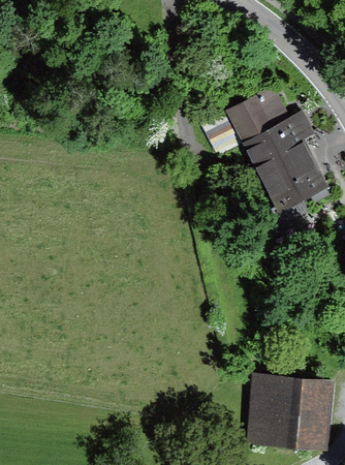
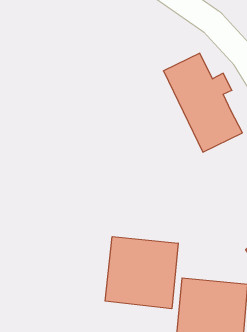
building: none -> [105,237,178,309]

